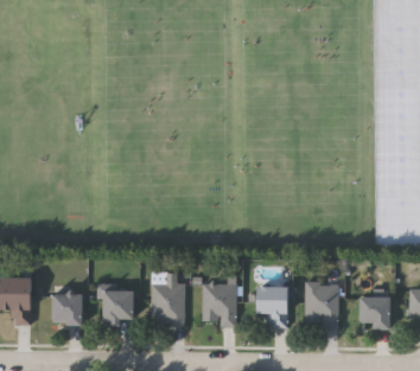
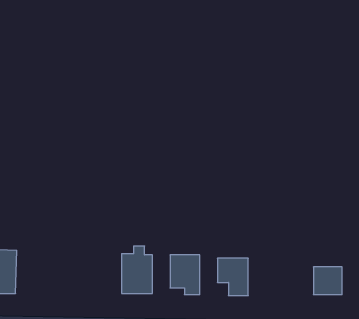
building: [305,286,339,326] -> none
building: [100,288,132,324] -> none
building: [58,294,83,324] -> none

